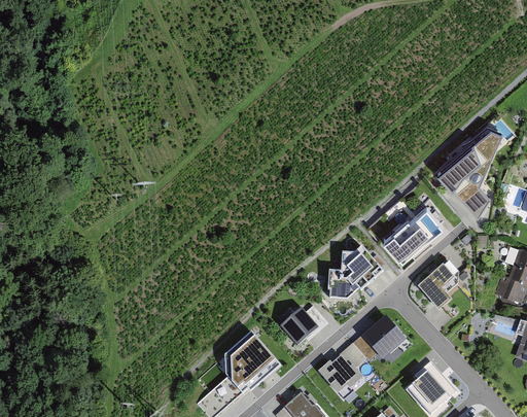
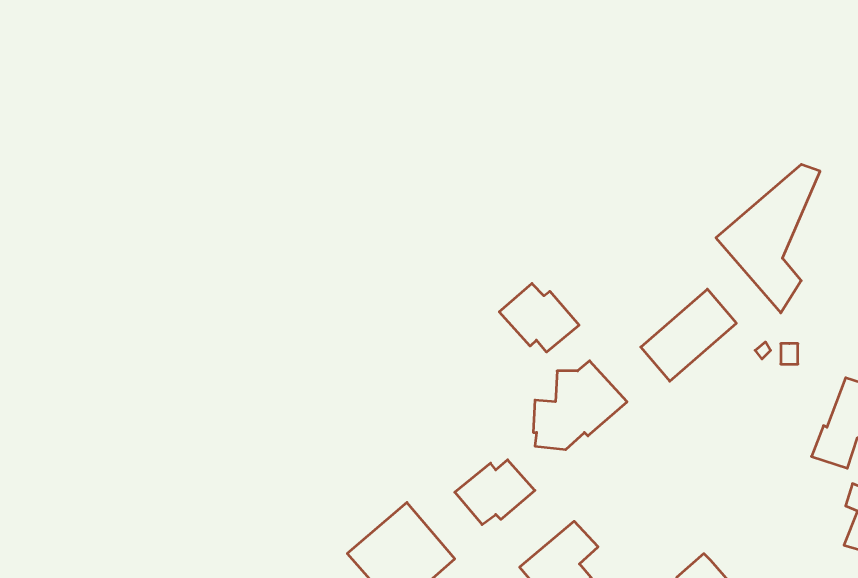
building: none -> [499,283,579,352]
building: [424,264,460,309] -> none
building: [351,314,405,359] -> none

